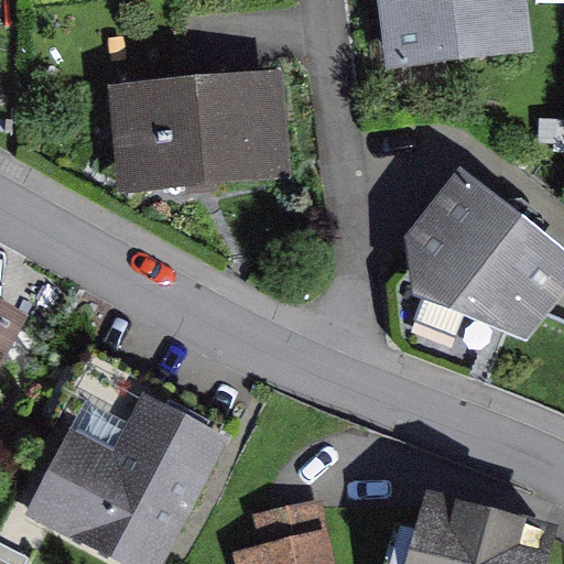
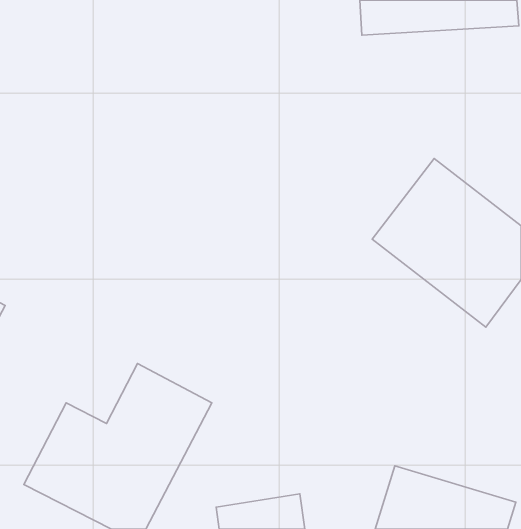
building: [116,70,278,199] -> none

